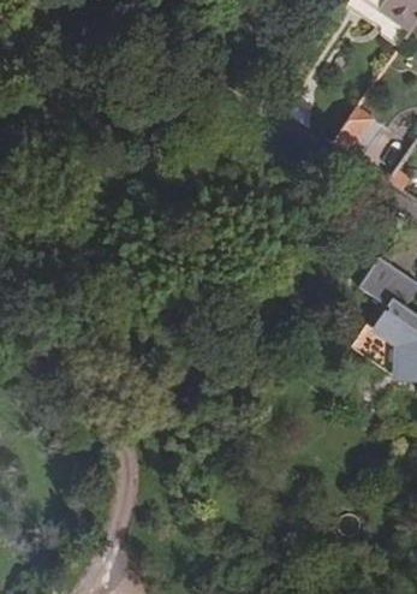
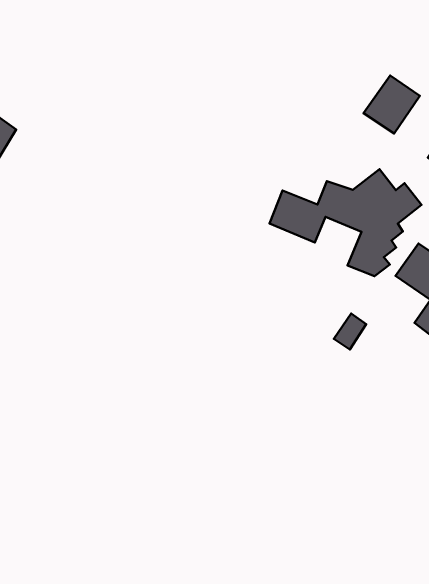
building: none -> [270,169,421,276]

